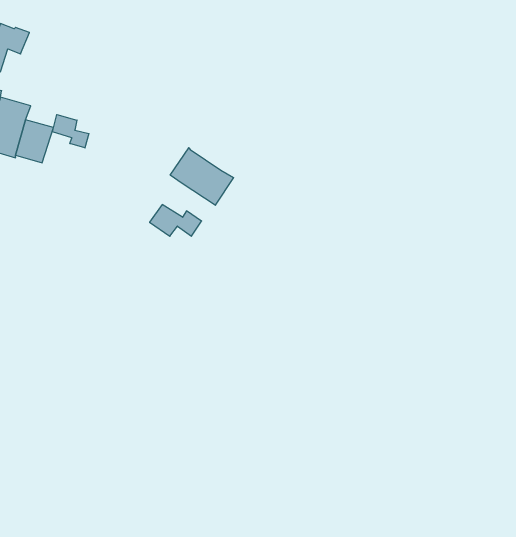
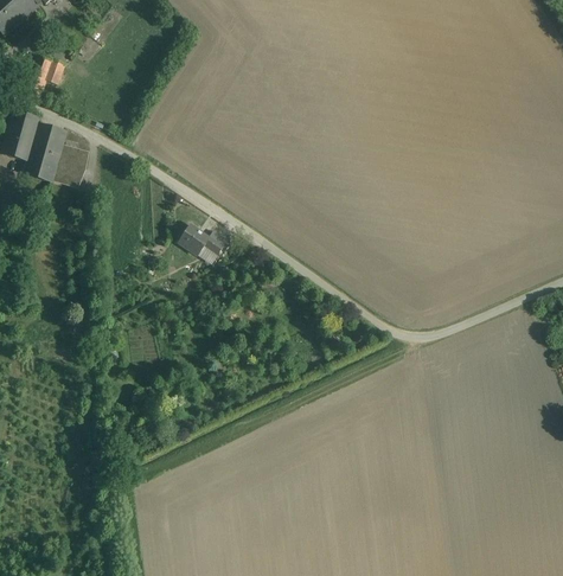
building: [52,115,89,148] -> none
building: [170,148,234,205] -> none

